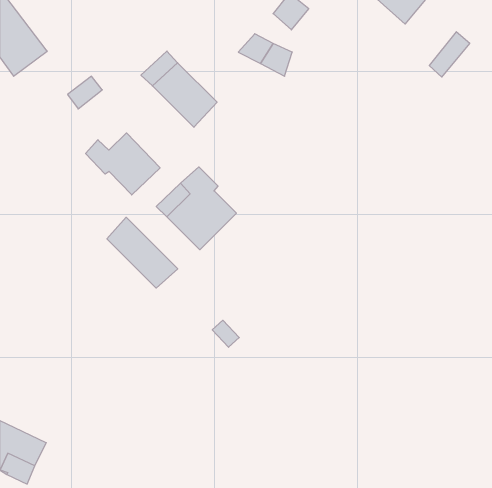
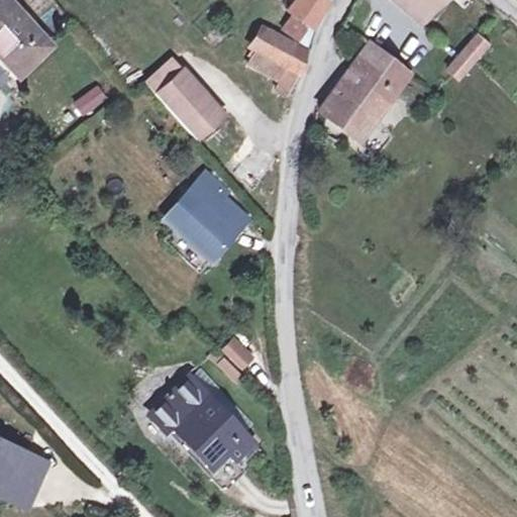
building: none -> [325,41,415,137]
building: [86,133,160,195] -> none
building: [107,217,178,288] -> none
building: none -> [148,380,248,467]

